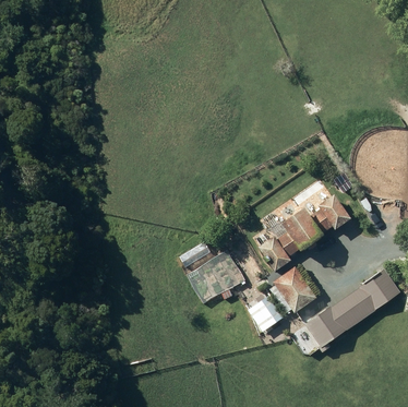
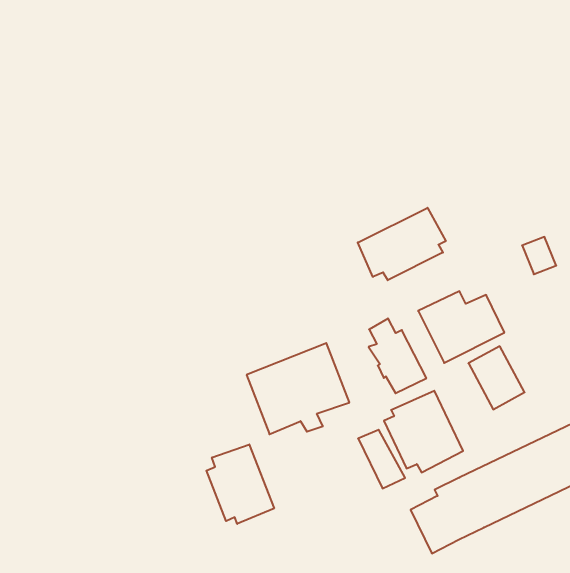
building: none -> [358,208,446,280]
building: [317,193,351,229] -> [468,346,525,409]
building: none -> [206,444,274,524]

